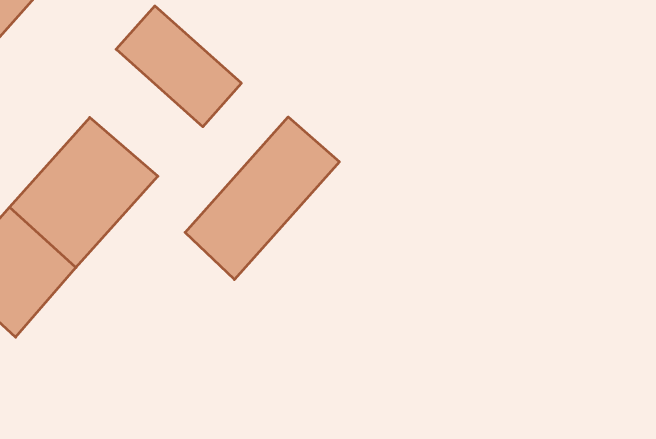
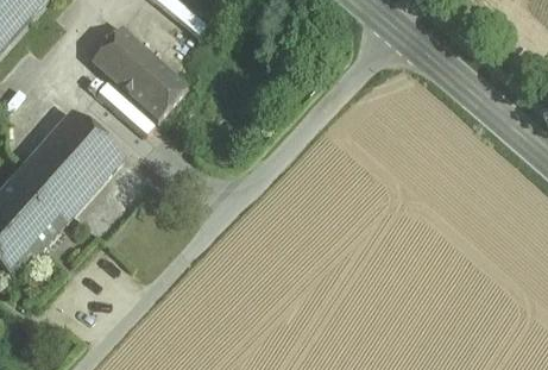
building: [185,117,339,280] -> none

